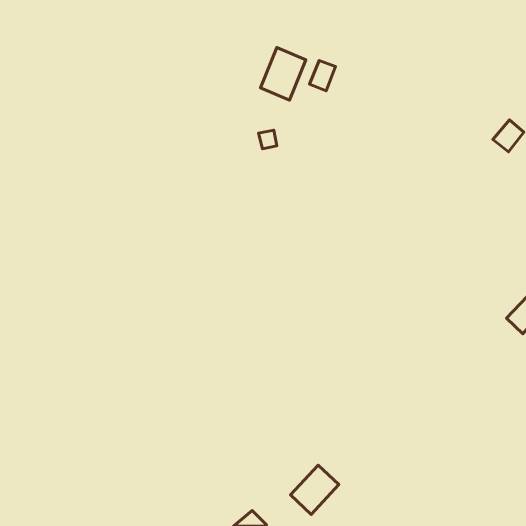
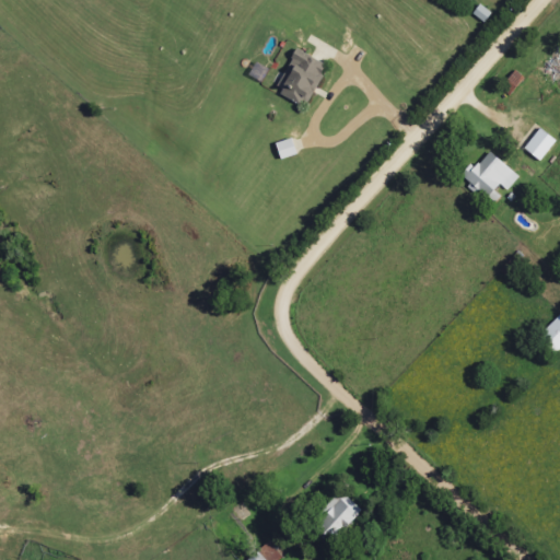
building: [309,61,335,91] -> none
building: none -> [460,151,521,205]

